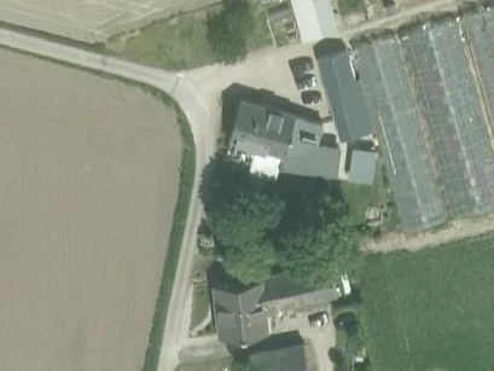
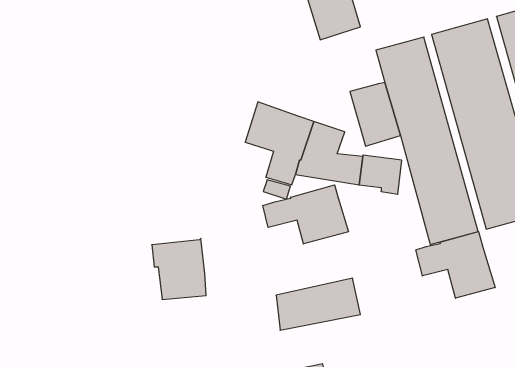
building: [321,58,355,94] -> none
building: none -> [263,185,348,244]
building: none -> [416,232,495,298]
building: [214,284,265,341] -> [152,238,206,299]

